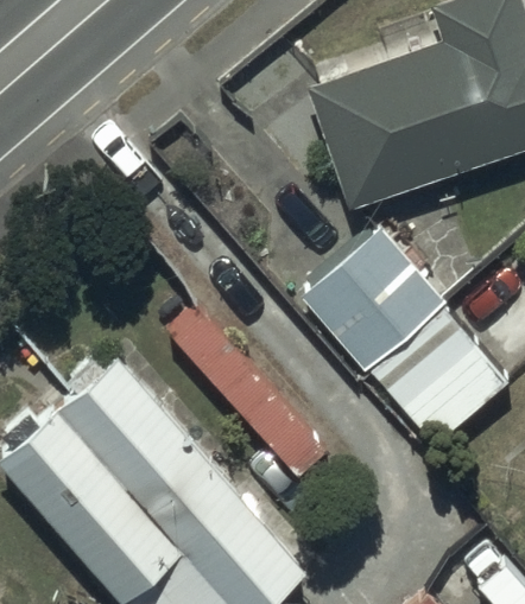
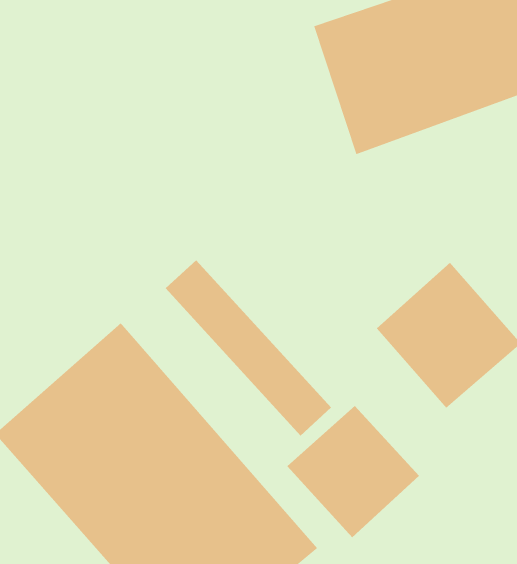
building: [302,227,445,371] -> none
building: none -> [286,405,420,538]

